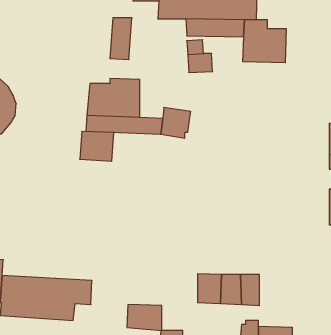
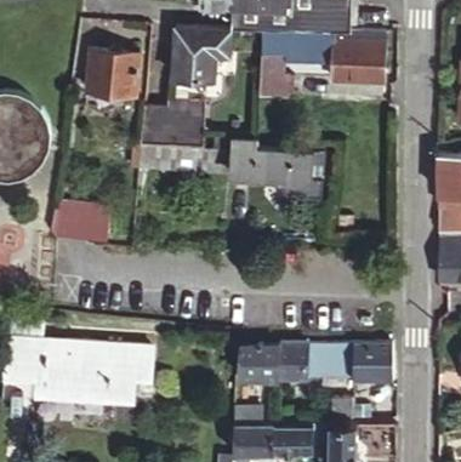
building: none -> [193,29,228,80]
building: none -> [85,50,140,97]
building: none -> [263,150,323,184]
building: [80,131,114,161] -> [70,205,112,241]
building: none -> [352,342,391,381]
building: [127,305,162,330] -> [234,344,277,376]

